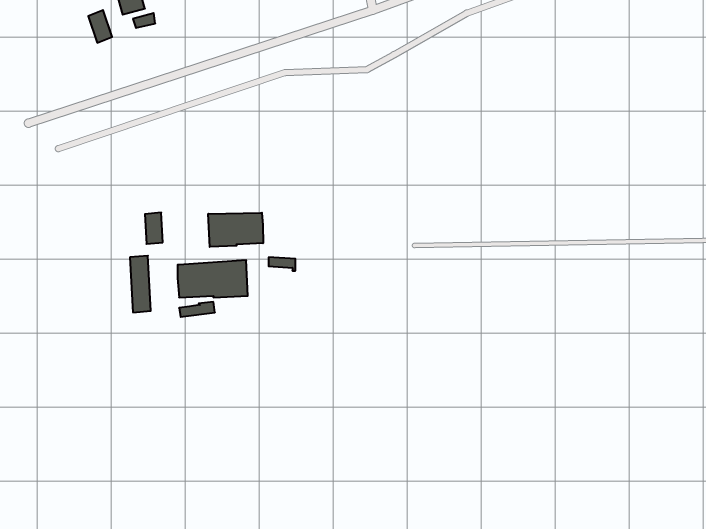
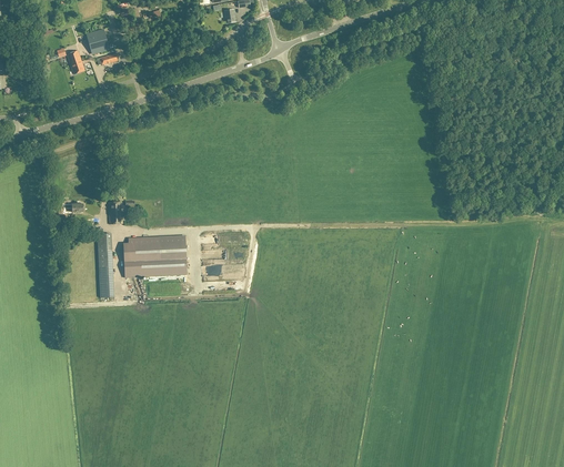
building: [208,213,263,247] -> none

